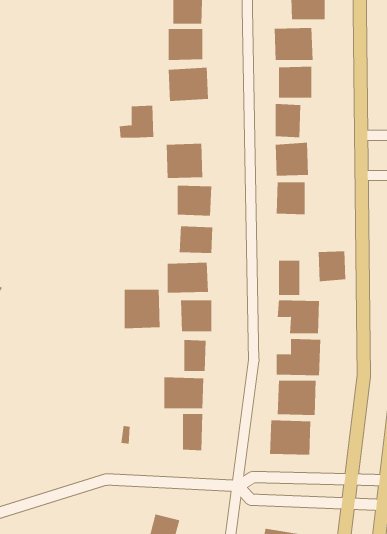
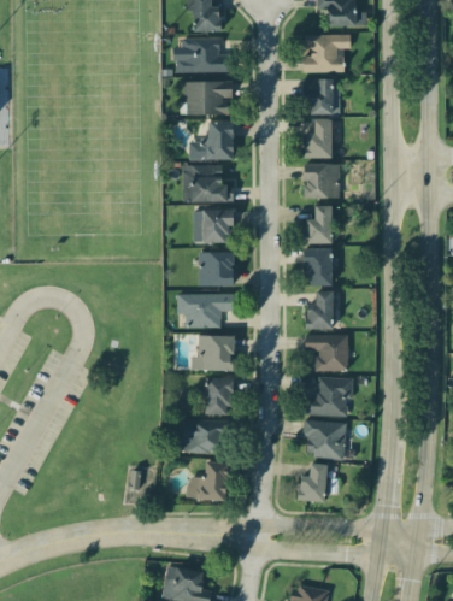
building: [119,105,154,138] -> [192,120,230,157]
building: [318,251,346,282] -> [302,249,334,283]
building: [124,289,160,329] -> none

